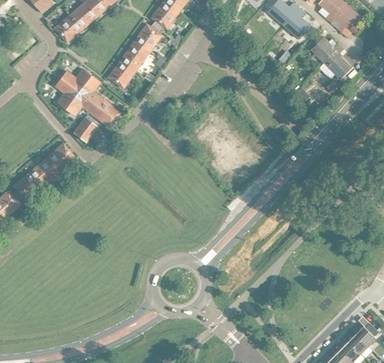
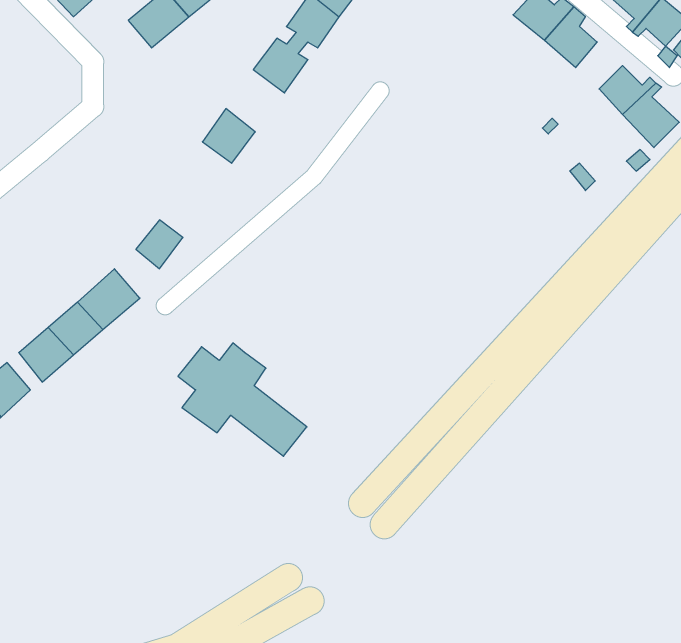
building: [53,15,81,43] -> none
building: [119,40,149,72] -> none
building: [54,69,120,127] -> [178,343,307,456]

